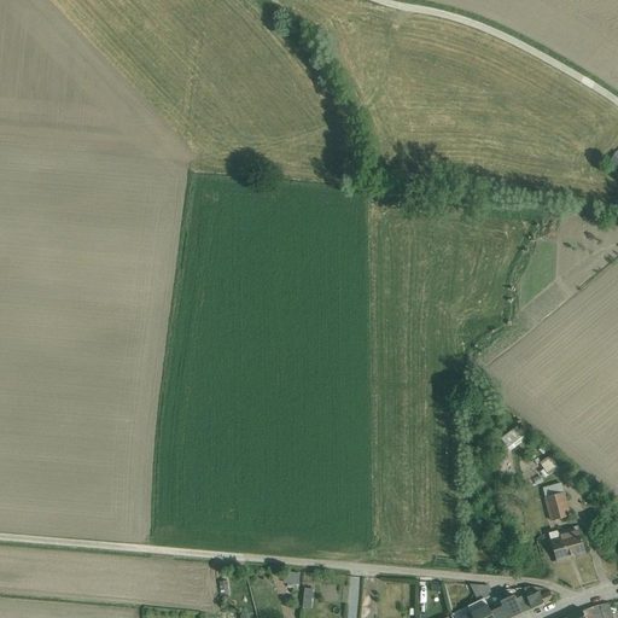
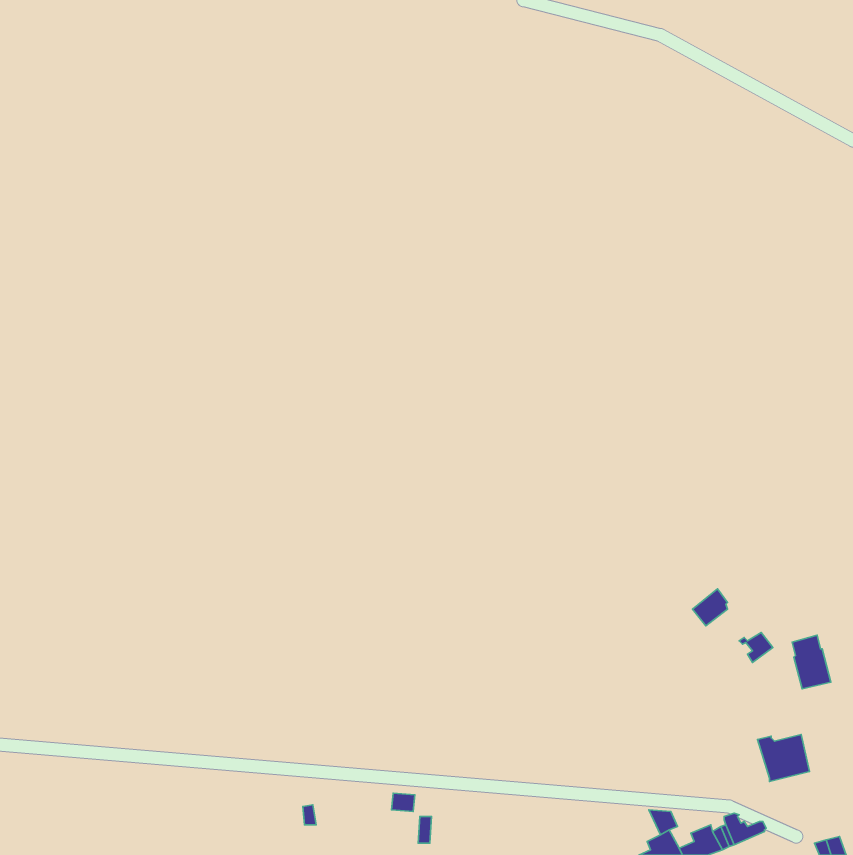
building: [542,483,570,521] -> [792,635,831,689]

